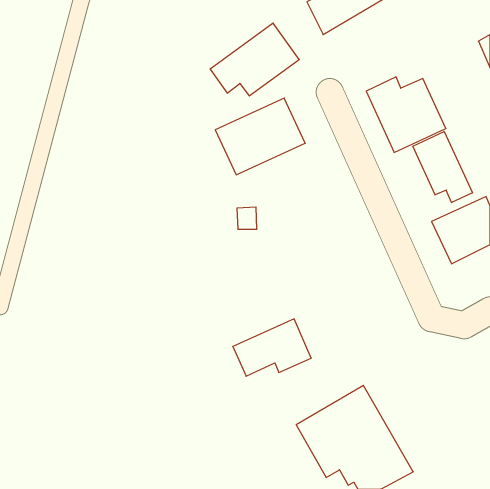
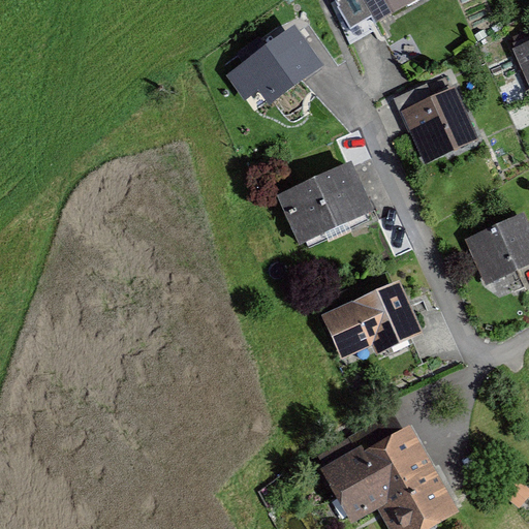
building: [215,98,305,175] -> [277,160,374,243]
building: [413,131,472,203] -> none
building: [233,319,311,376] -> [330,289,414,351]

